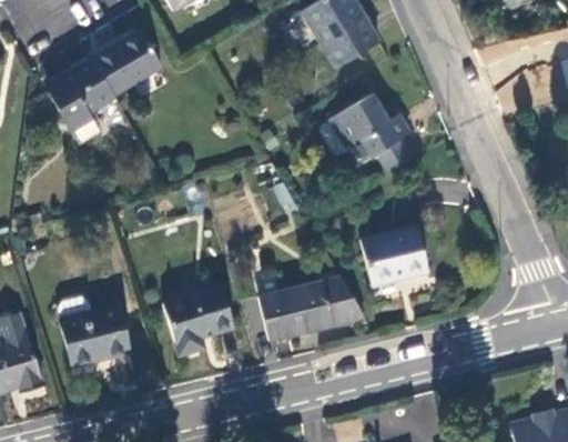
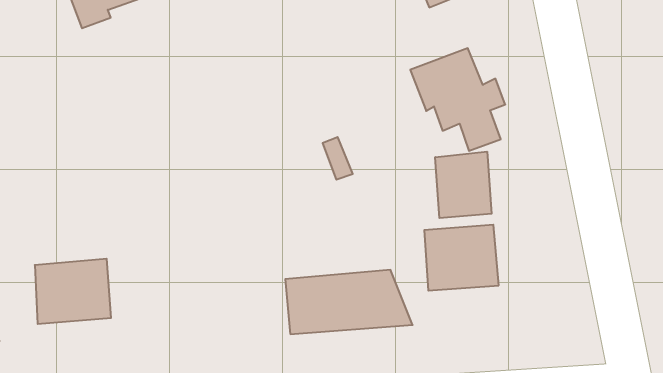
building: none -> [435,152,492,218]
building: [163,287,234,354] -> none

